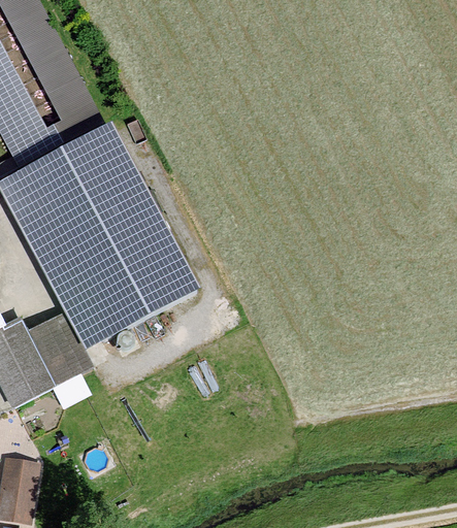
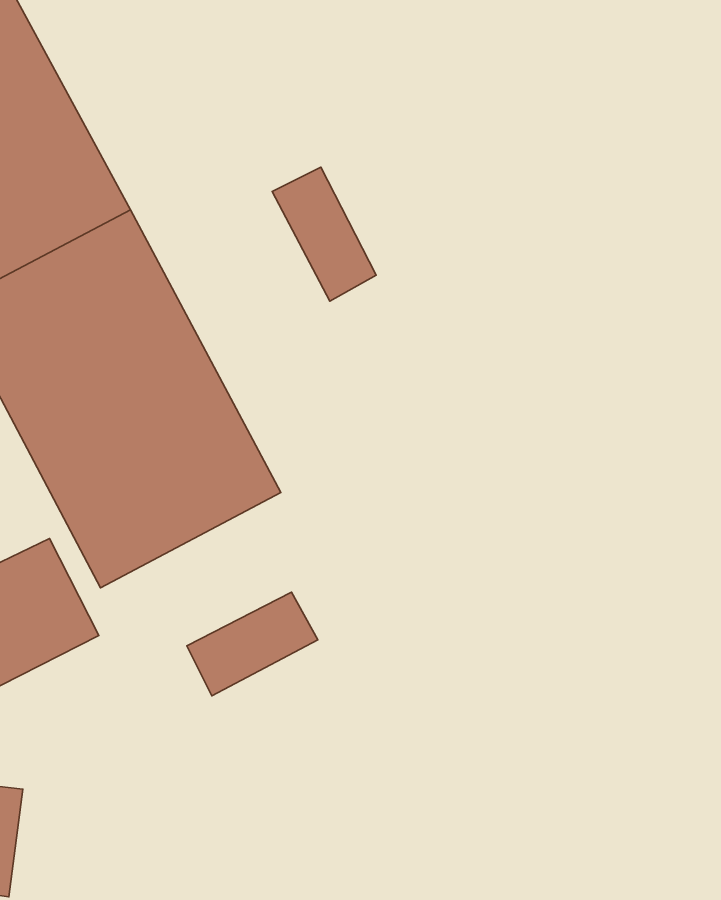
building: none -> [272,167,376,301]
building: none -> [187,592,318,696]

